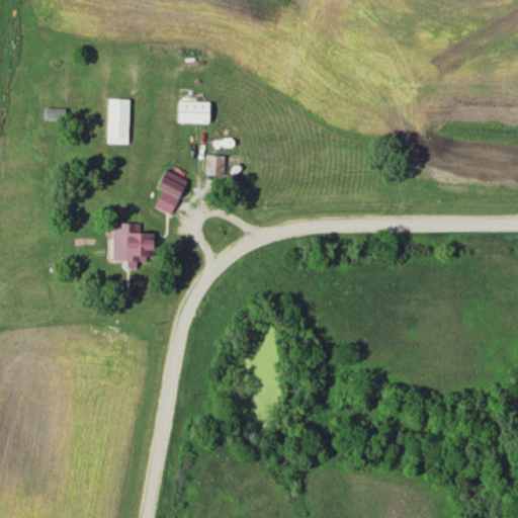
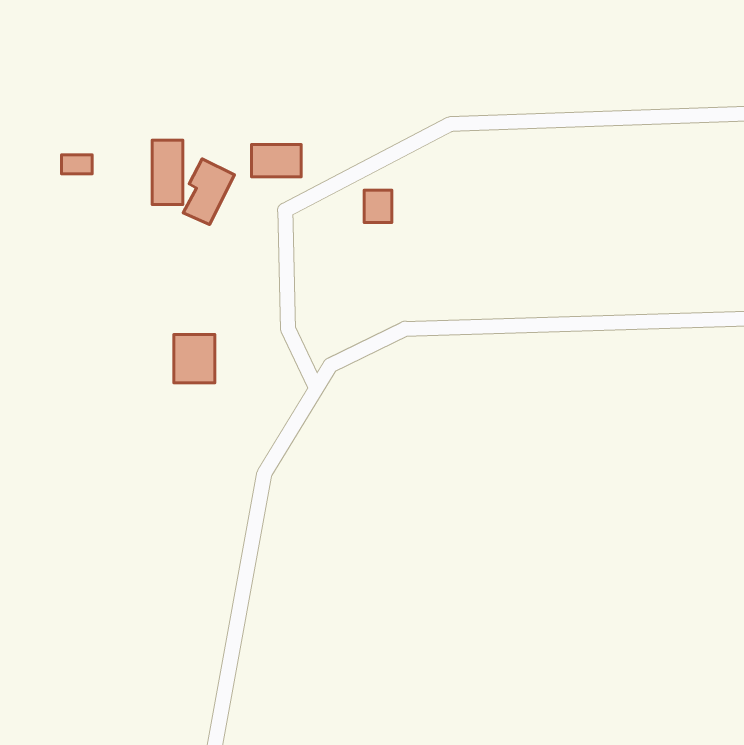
building: [205,155,225,177] -> [364,190,392,222]
building: [153,169,188,214] -> [183,159,234,225]

